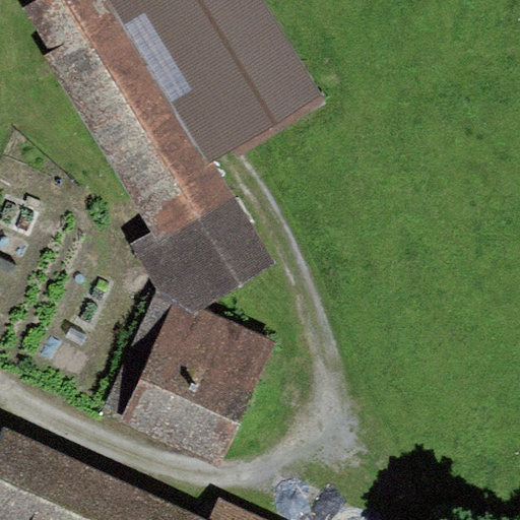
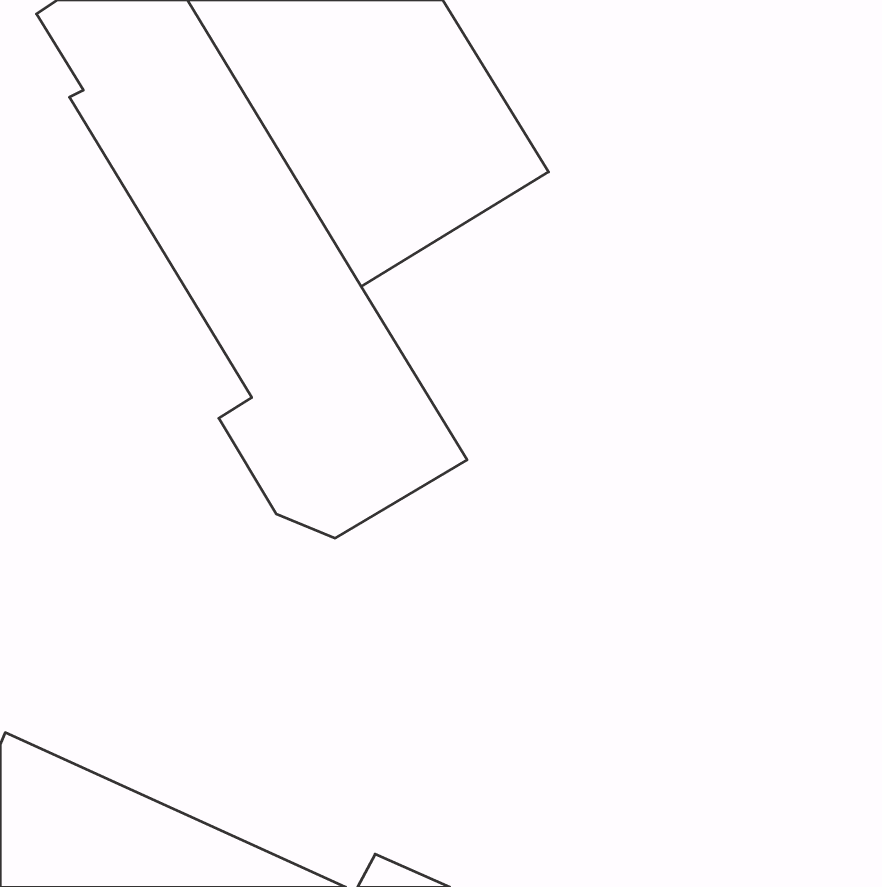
building: [109,298,276,464] -> none

